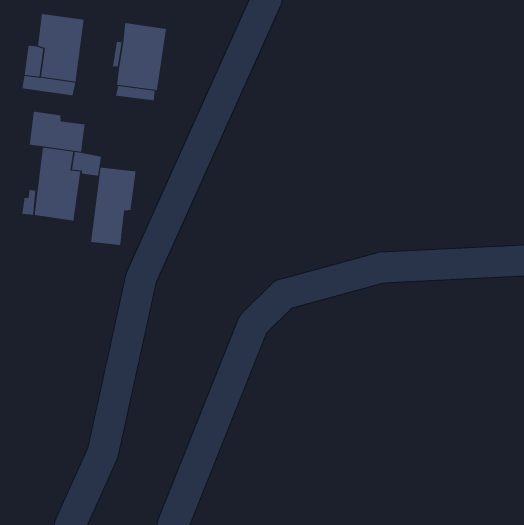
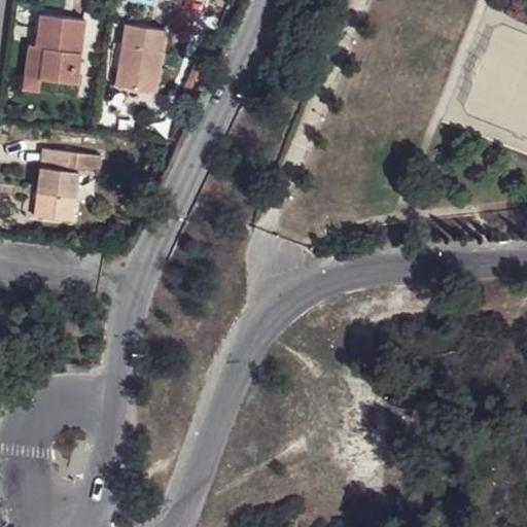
building: [29,111,85,152] -> none
building: [90,167,136,246] -> none

